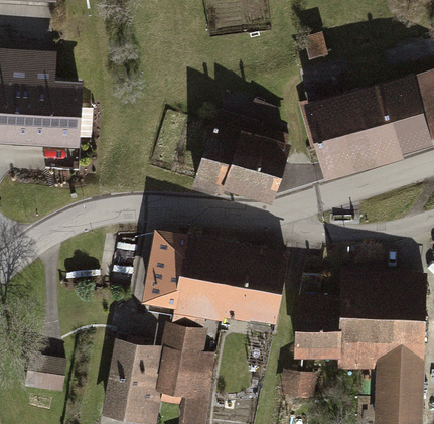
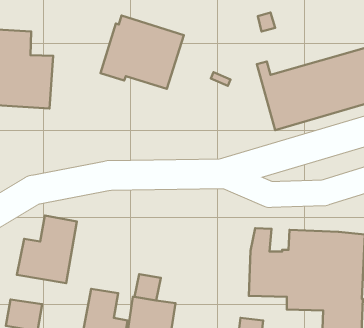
building: [196,117,289,198] -> [101,15,184,89]
building: [150,234,286,332] -> none
building: none -> [17,215,77,283]

